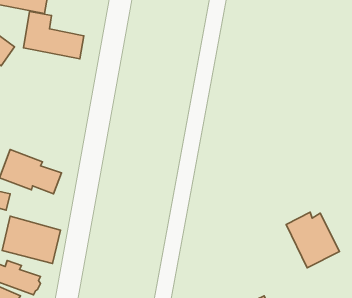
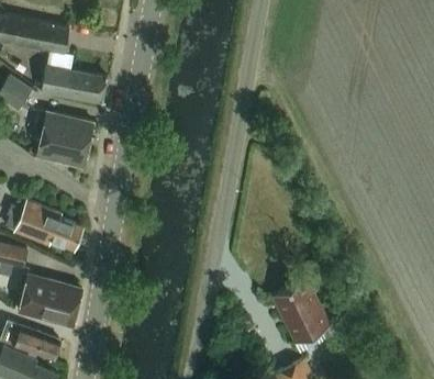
building: none -> [36,112,93,168]
building: [286,212,339,268] -> [271,283,330,344]

